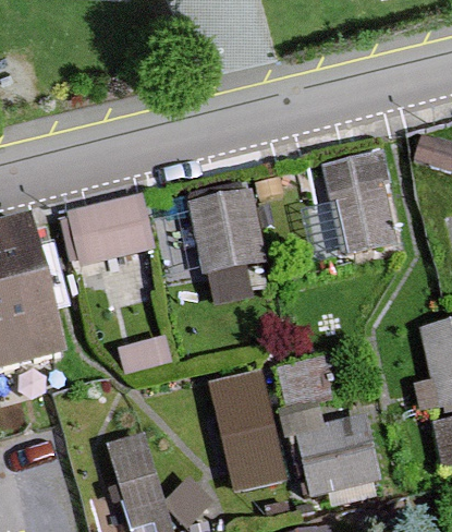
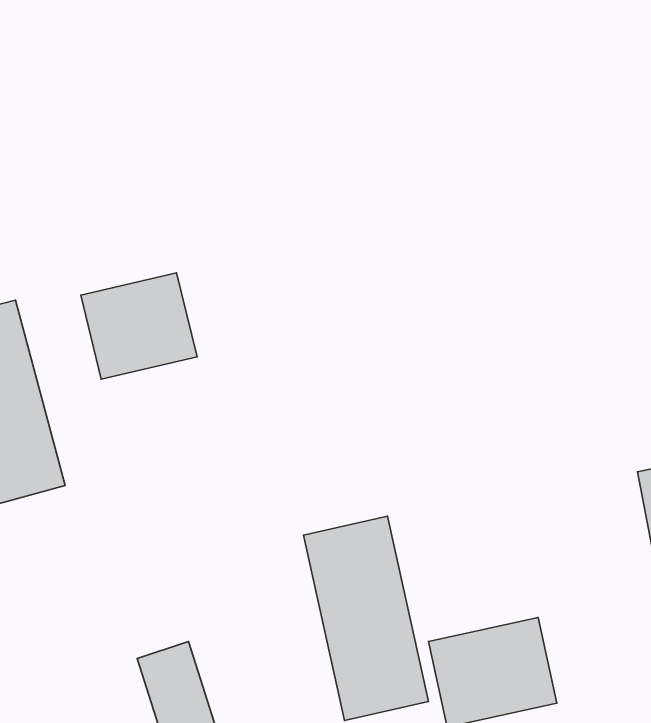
building: [317,153,395,257] -> none
building: [194,188,264,269] -> none

